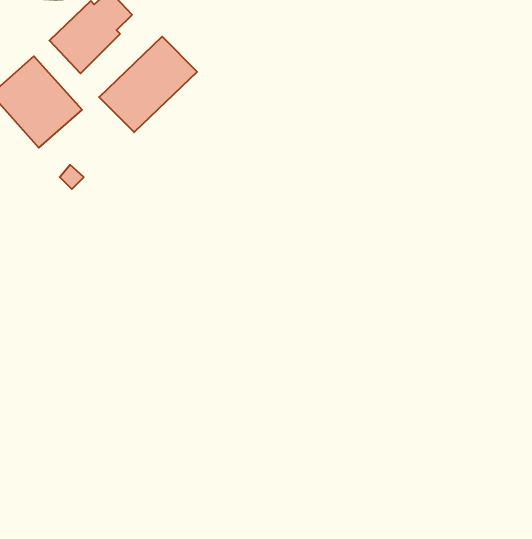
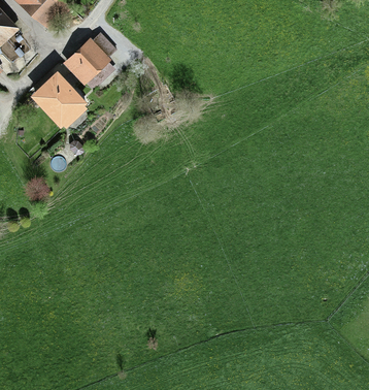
building: [99,37,197,132] -> none

